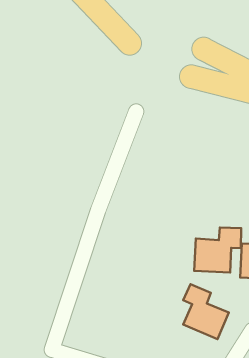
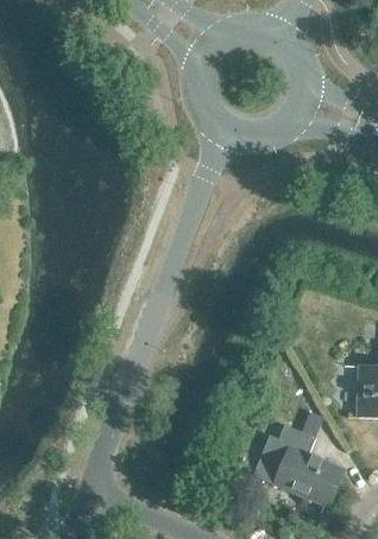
building: [194,227,241,273] -> none

